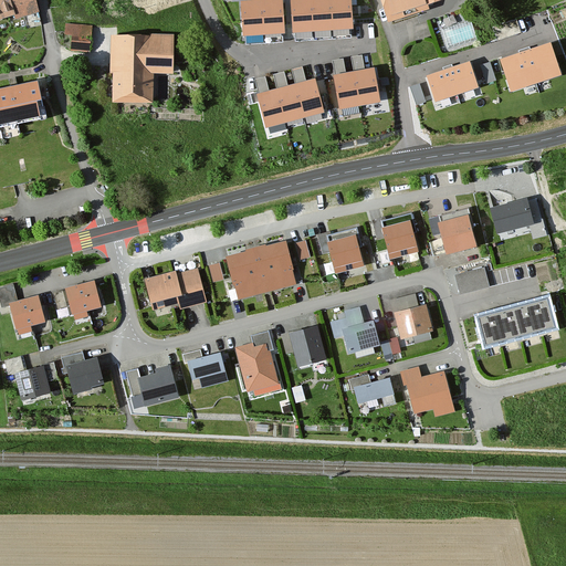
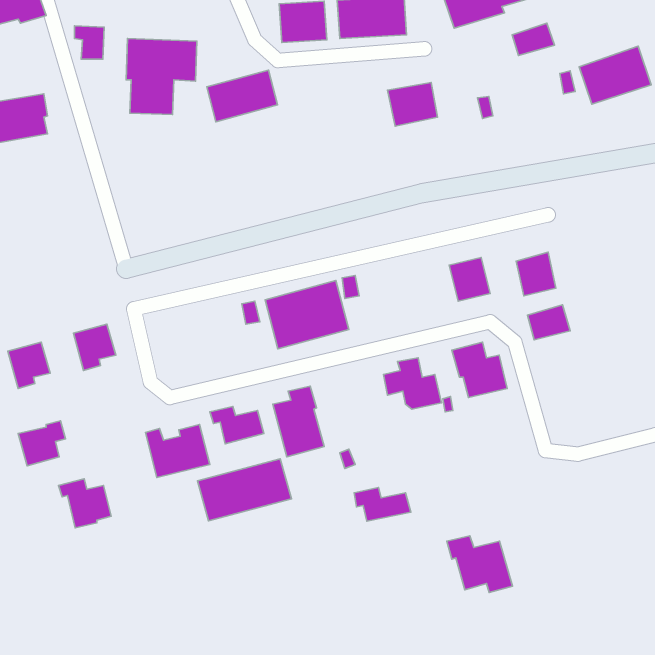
building: [426,64,475,102] -> none
building: [258,82,318,126] -> [207,70,278,122]
building: [491,202,530,233] -> none
building: [329,234,365,272] -> none
building: [146,269,207,310] -> none
building: [475,296,552,343] -> none
building: [280,327,325,367] -> none
building: [60,352,105,394] -> [58,479,111,528]
building: [399,367,455,416] -> [447,536,512,593]
building: [347,375,396,403] -> [354,488,411,521]
building: none -> [197,459,291,521]

